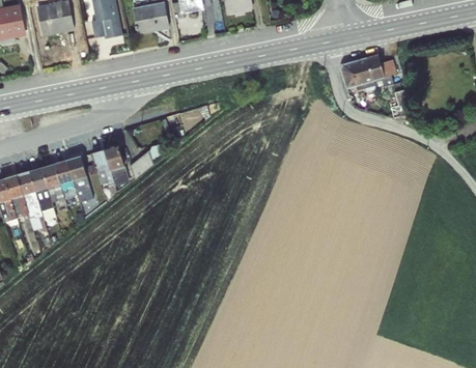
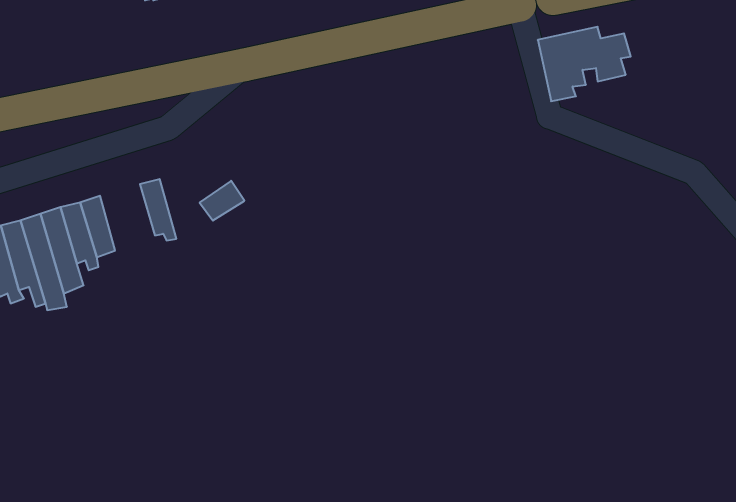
building: [104,144,129,187] -> none
building: [66,155,93,203] -> none

